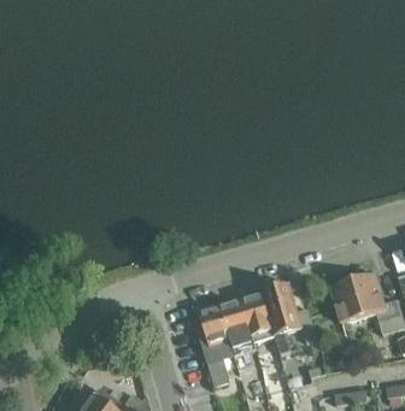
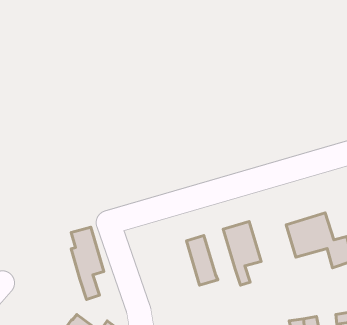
building: [240,289,275,340] -> none
building: [199,303,235,383] -> [71,227,104,300]

